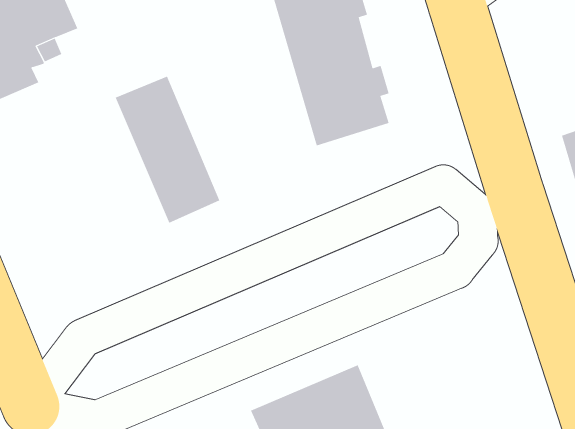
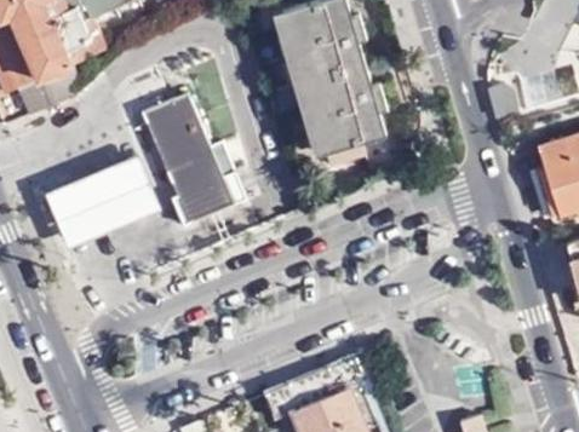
building: none -> [41,155,157,249]

